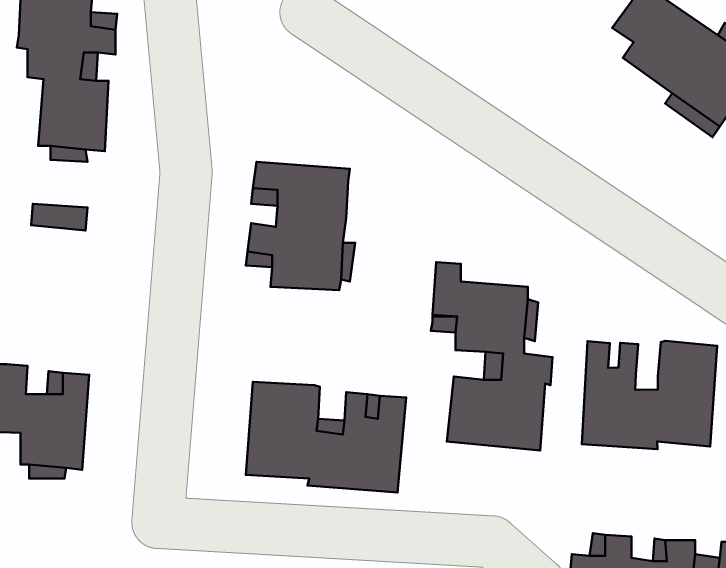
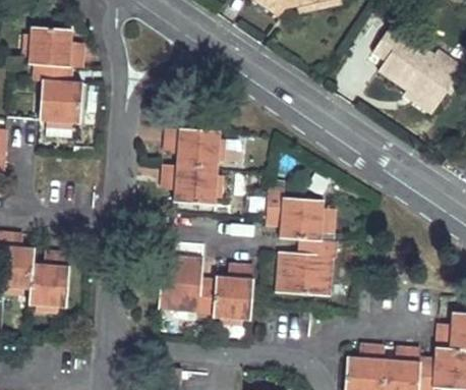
building: [582,341,717,449] -> none

